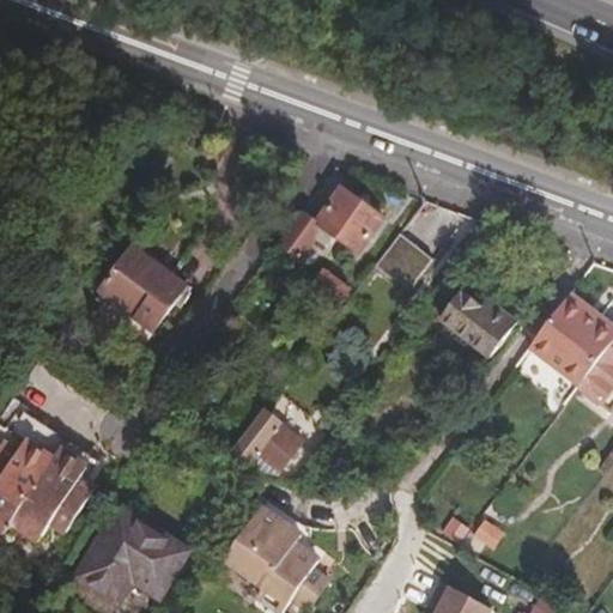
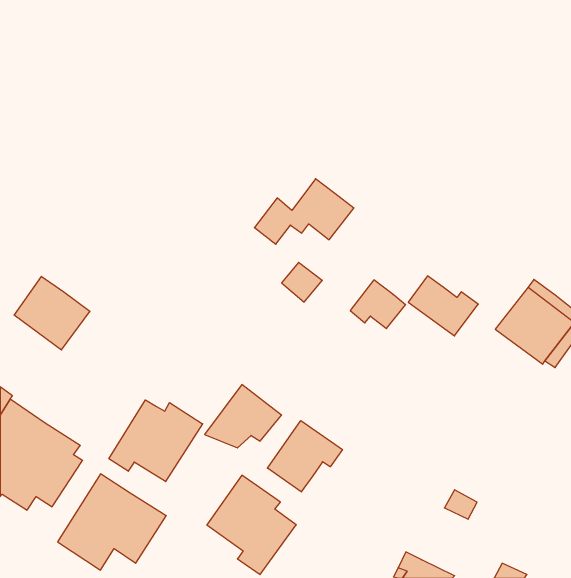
building: [374,235,432,286] -> [350,280,406,329]
building: [102,250,182,328] -> [14,276,90,350]
building: none -> [109,400,203,482]
building: none -> [267,421,342,492]

